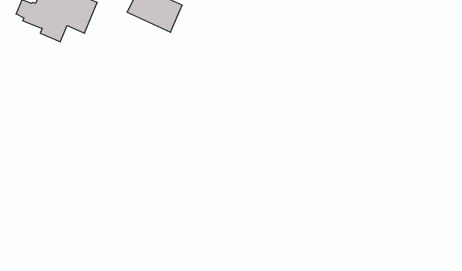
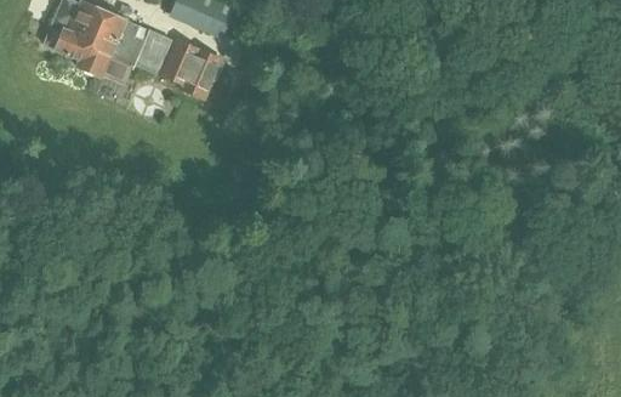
building: none -> [150,35,210,86]

